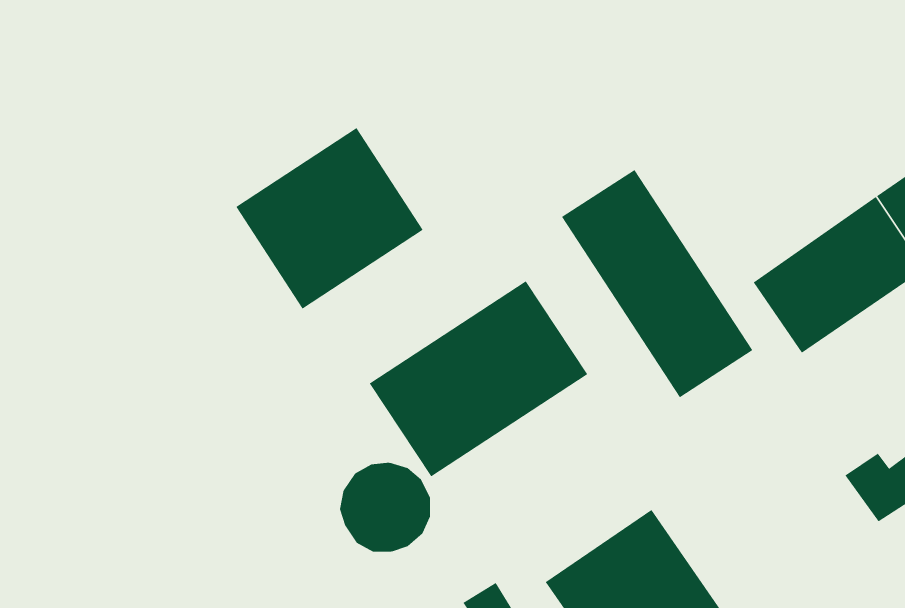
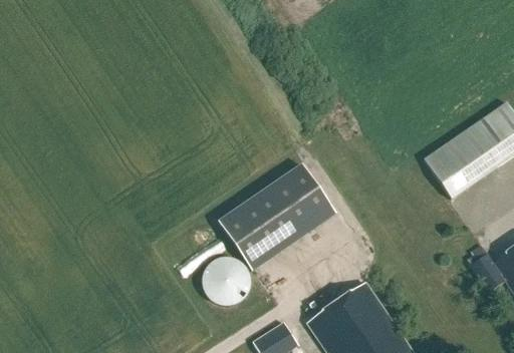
building: [236,127,424,309] -> none
building: [561,169,753,398] -> none

